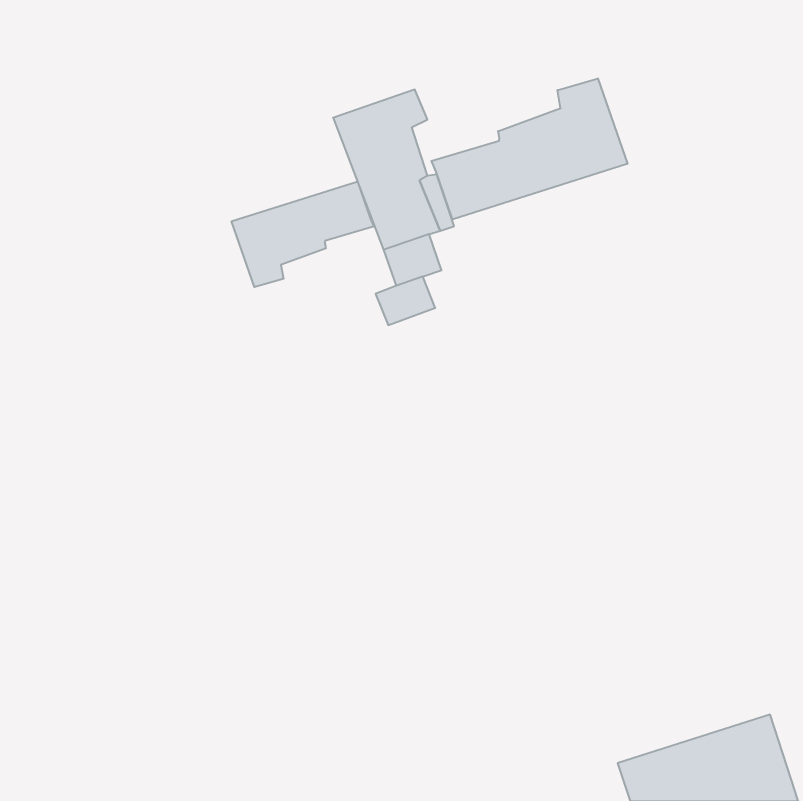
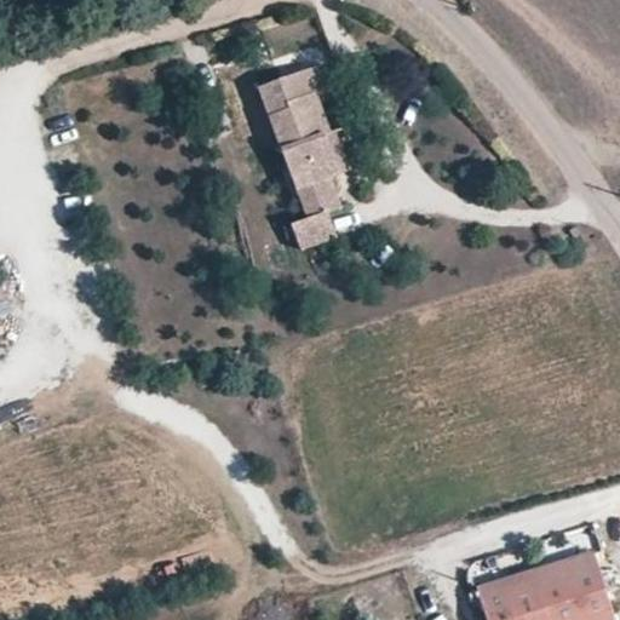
building: [431,78,627,220] -> none
building: [232,182,374,287] -> none

